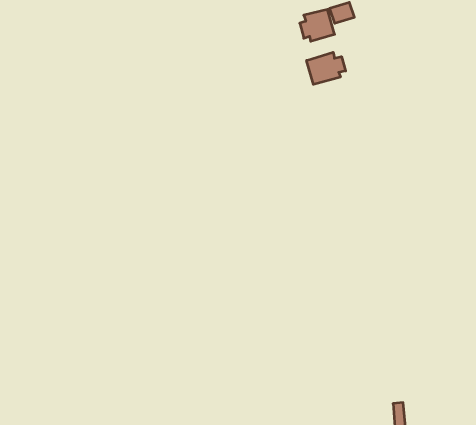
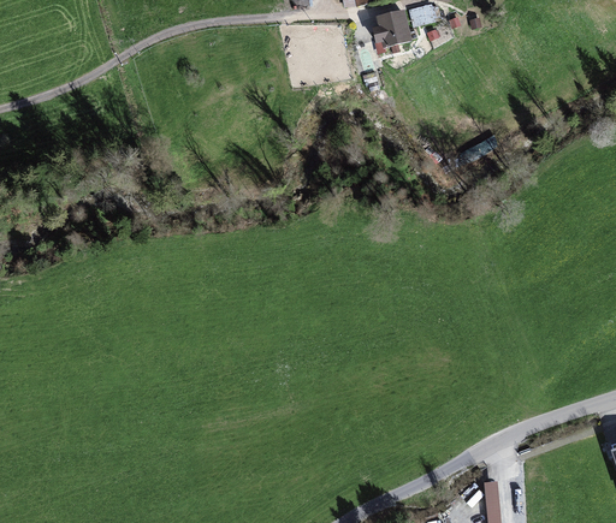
building: [307,52,346,84] -> none

